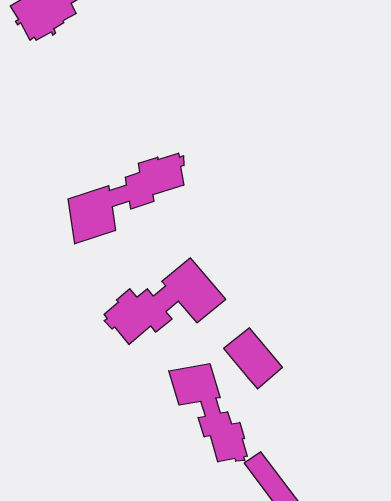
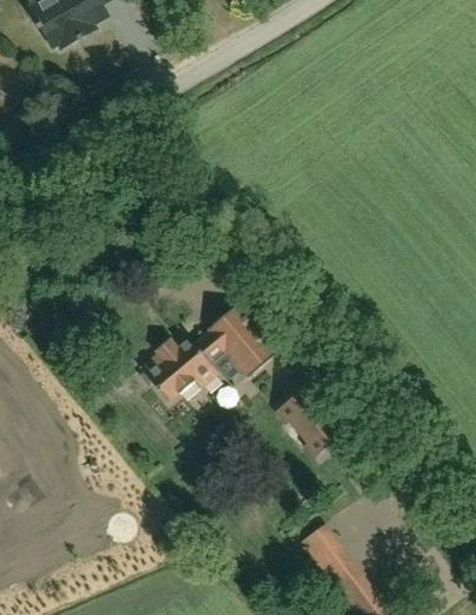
building: [68,153,184,244] -> none
building: [169,364,247,462] -> none

